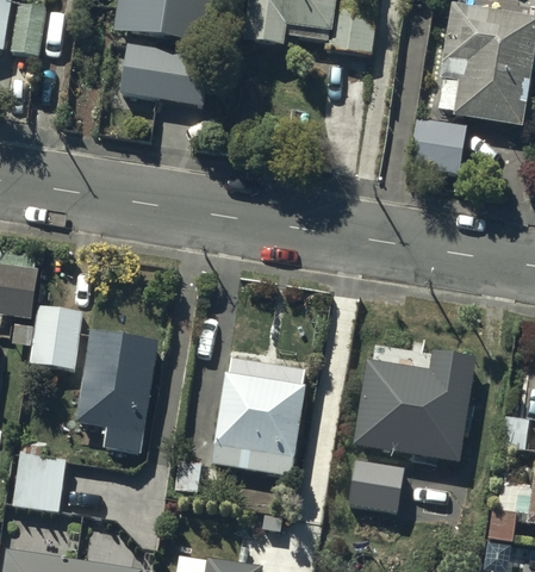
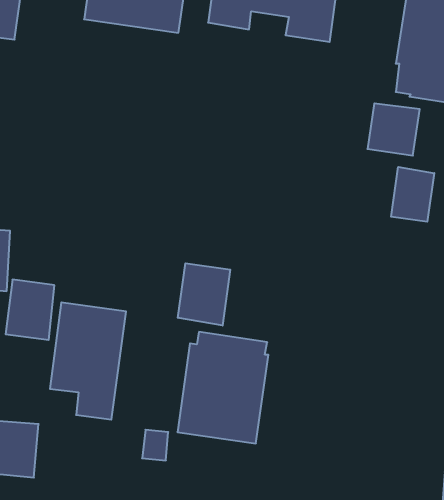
building: [122,41,213,107] -> none
building: none -> [391,167,434,222]
building: none -> [178,263,230,326]
building: [346,350,473,521] -> none

